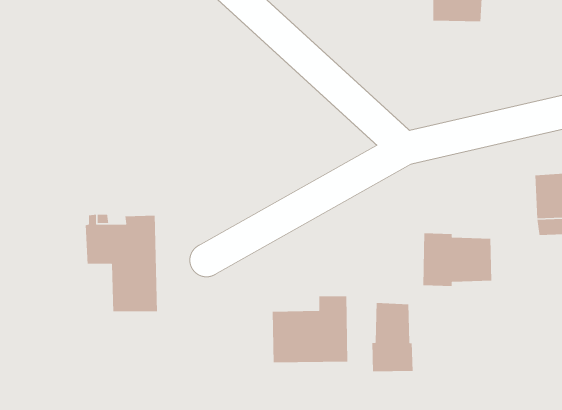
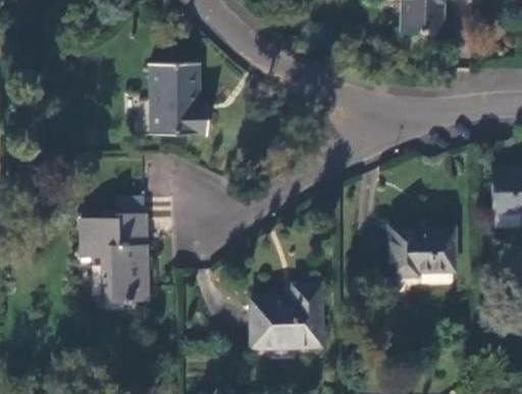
building: none -> [150,63,208,136]
building: [371,302,414,372] -> none

